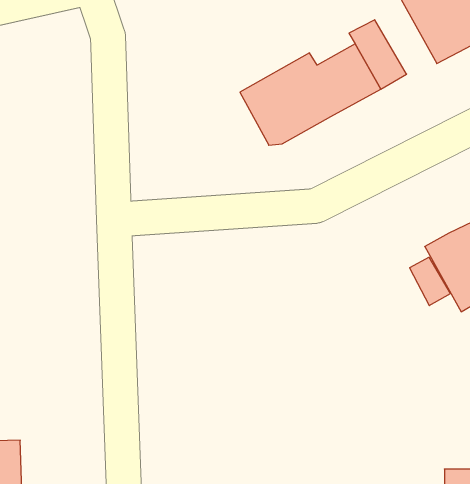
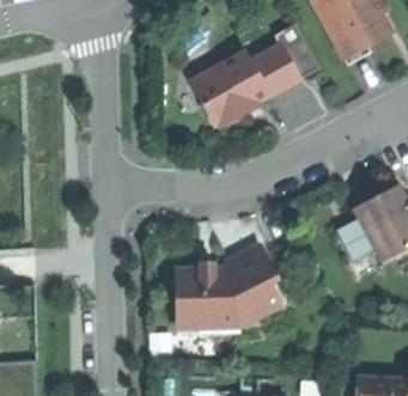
building: none -> [184,245,291,327]

